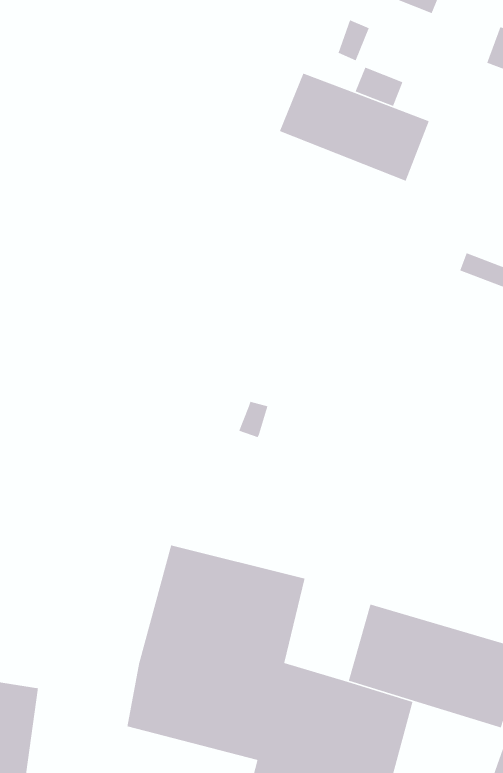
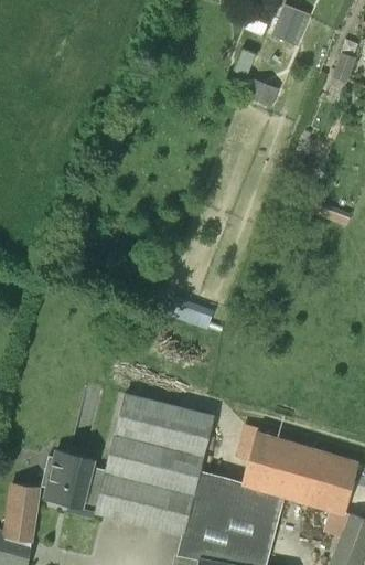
building: [279,73,430,182] -> none
building: none -> [42,449,105,519]

